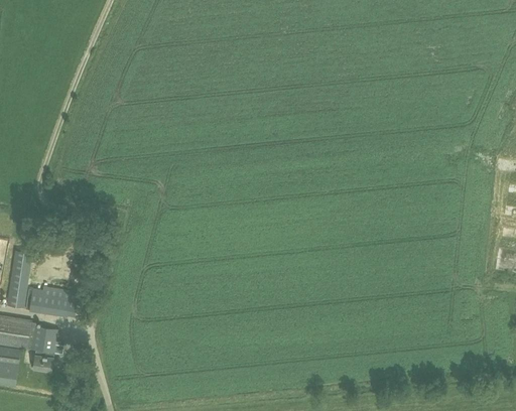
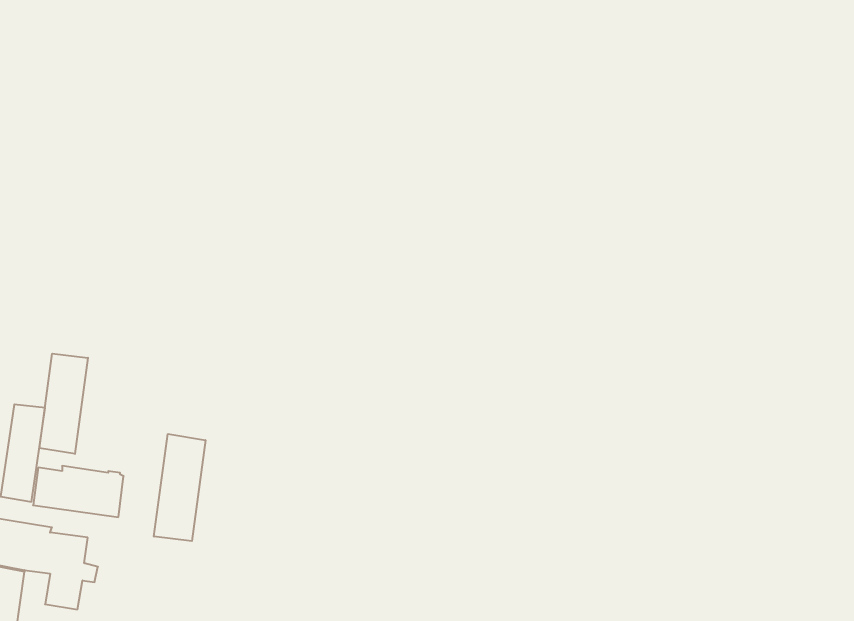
building: none -> [40,354,88,454]
building: none -> [154,434,205,541]

